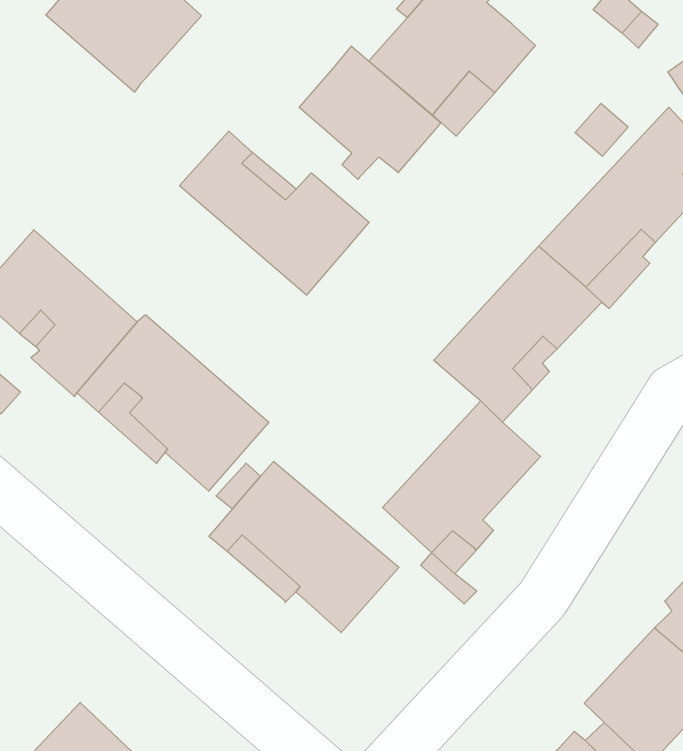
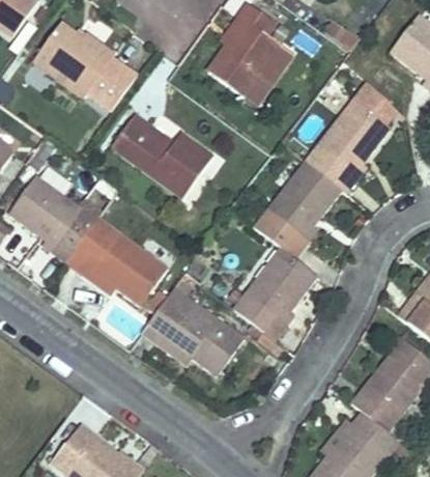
building: none -> [86,58,137,111]
building: [299,46,441,179] -> none

